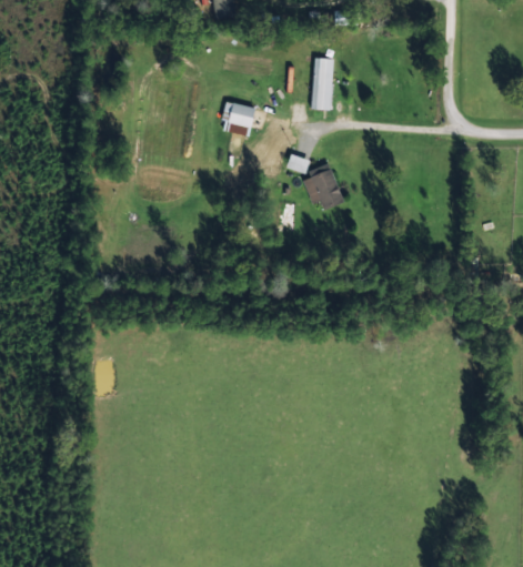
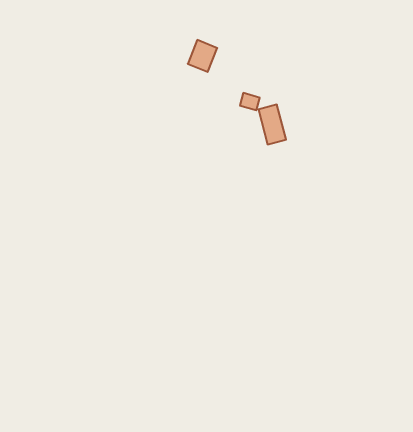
building: [311,57,333,110] -> none

